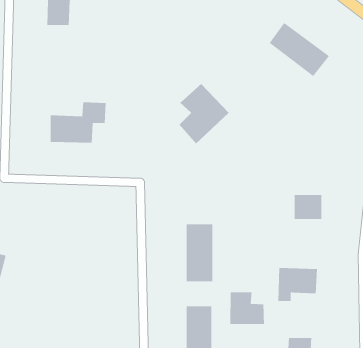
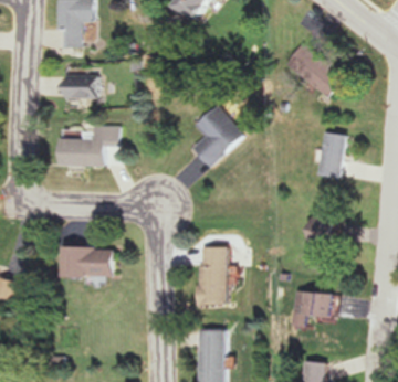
building: none -> [66,71,98,98]
building: none -> [316,130,345,178]
building: none -> [62,247,112,277]
building: [230,291,264,325] -> none

